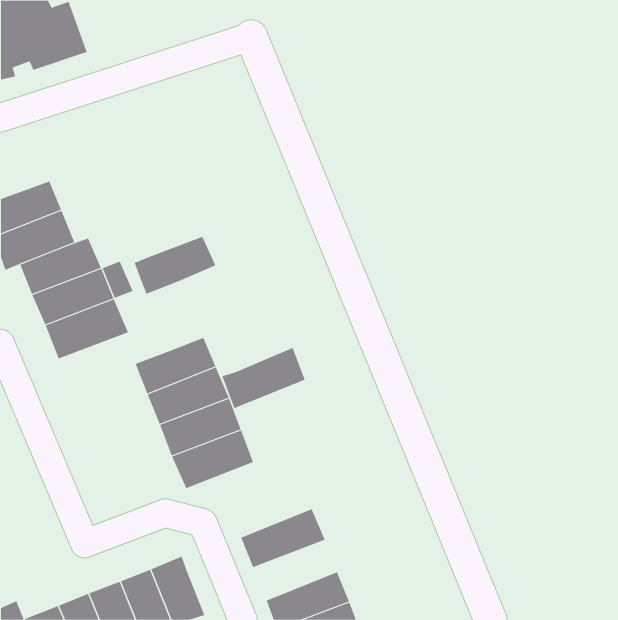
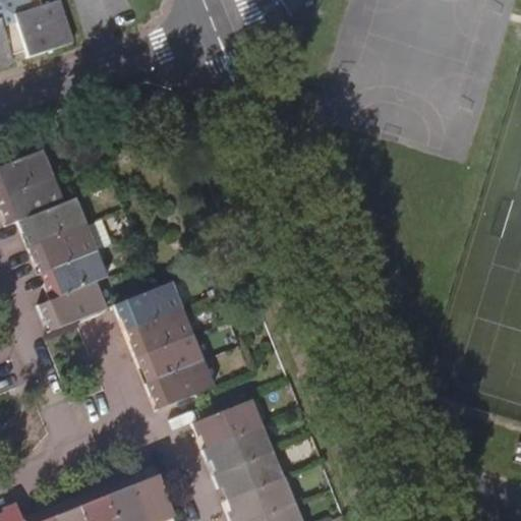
building: [134,236,216,295] -> [39,284,108,333]
building: [222,347,305,409] -> [193,399,264,451]
building: none -> [214,453,285,504]

